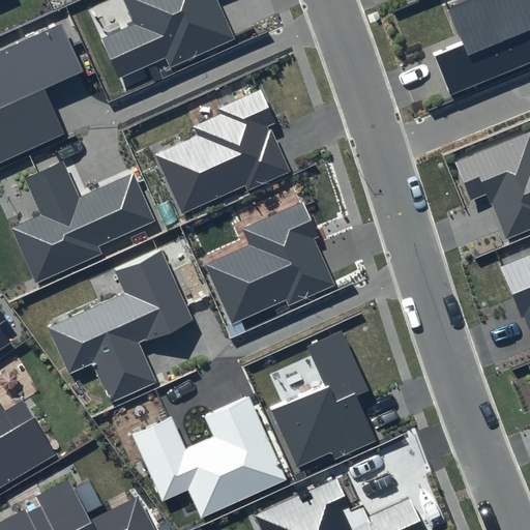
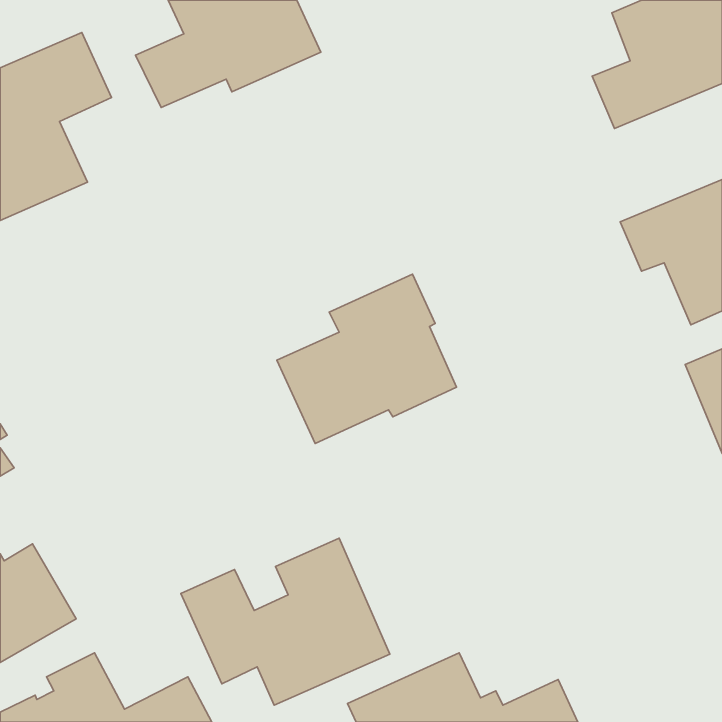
building: [154,89,290,213] -> none
building: [11,160,155,283] -> none
building: [48,247,193,403] -> none
building: [272,330,377,468] -> none

